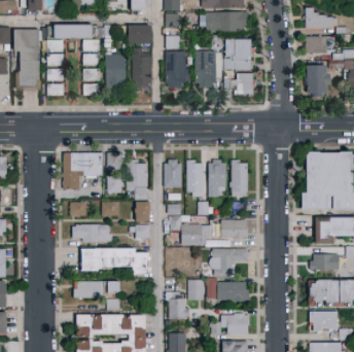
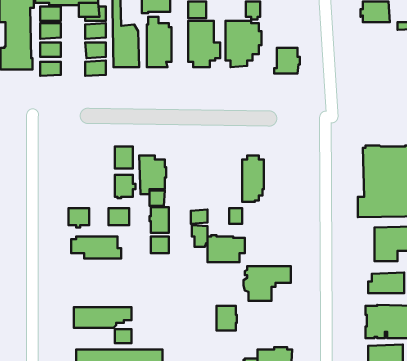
building: [225,39,256,70] -> none
building: [305,64,330,97] -> none
building: [63,152,103,188] -> none
building: [165,160,182,187] -> none
building: [187,160,204,196] -> none
building: [231,160,248,196] -> none
building: [221,219,249,239] -> none
building: [80,248,149,274] -> none
building: [206,278,249,301] -> none
building: [166,291,189,319] -> none

